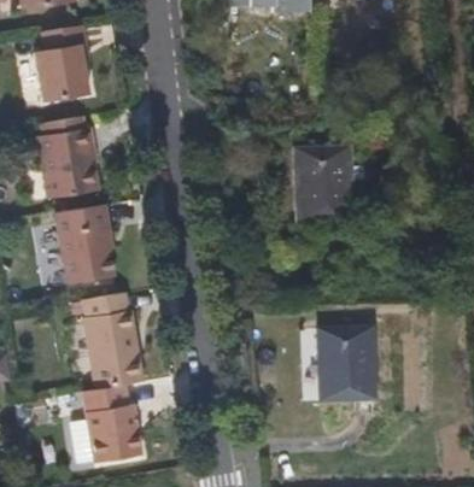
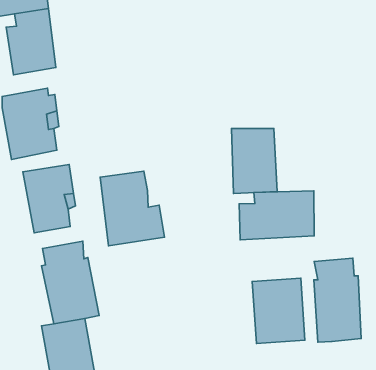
building: none -> [100,171,164,246]
building: none -> [239,191,314,240]
building: none -> [314,258,361,342]

